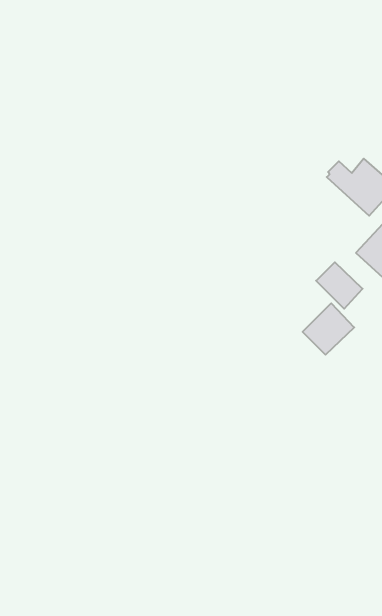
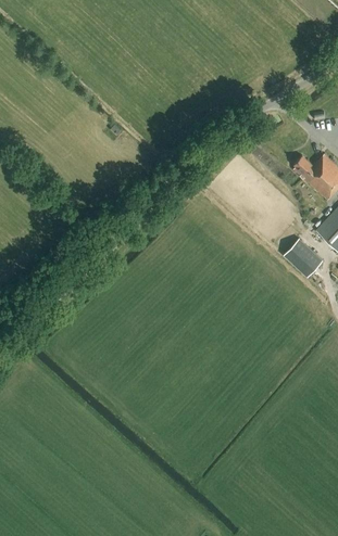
building: [303,303,354,355] -> none

